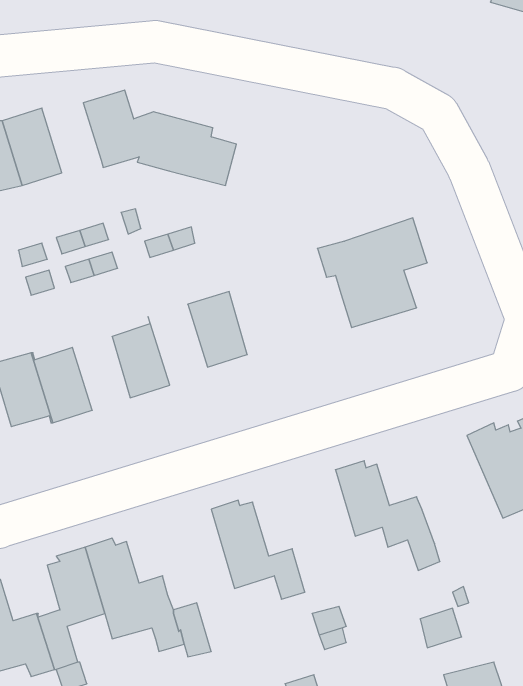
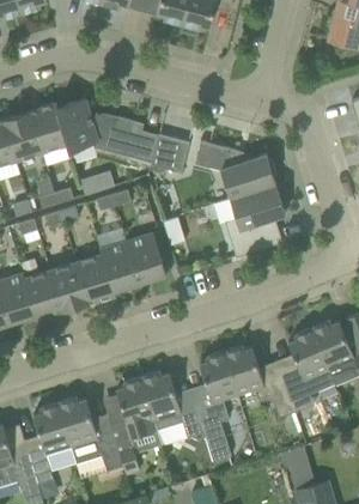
building: none -> [29,103,68,153]
building: none -> [151,134,189,172]
building: none -> [194,140,275,199]
building: none -> [99,241,139,294]
building: none -> [49,262,87,311]
building: none -> [281,328,335,412]
building: none -> [195,351,237,432]
building: none -> [115,377,157,437]

